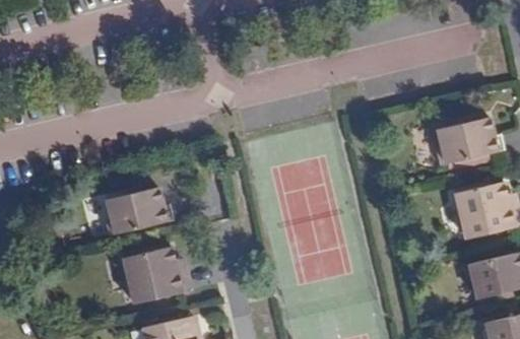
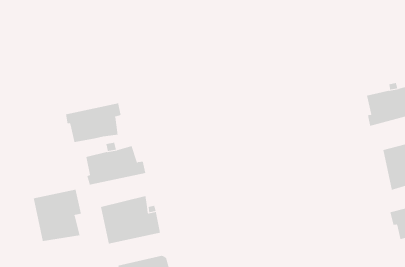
building: none -> [66,103,121,143]
building: none -> [33,189,81,242]

